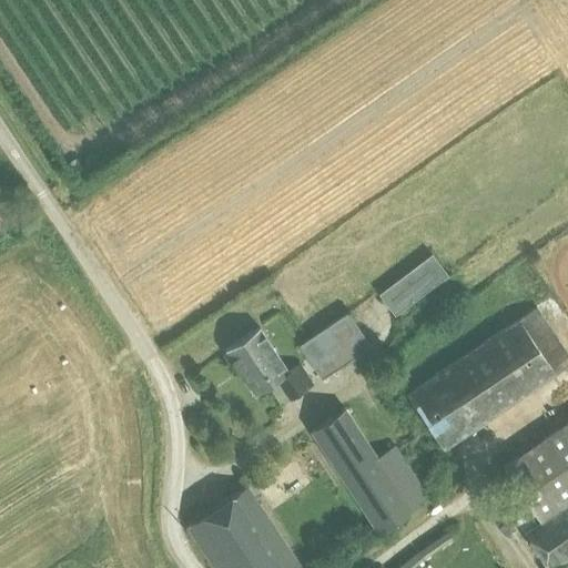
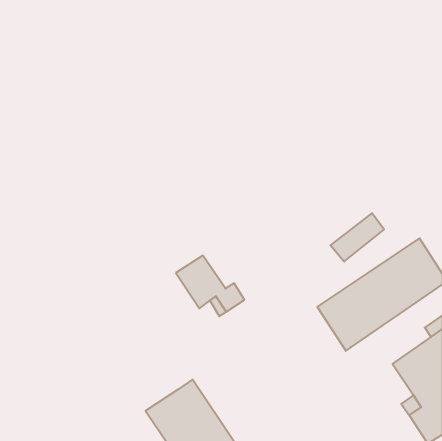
building: [379,255,448,317] -> [330,213,384,262]
building: [300,314,372,381] -> none
building: [310,408,429,535] -> none

